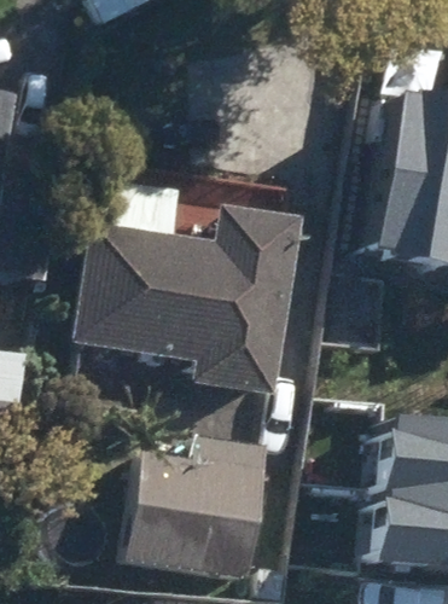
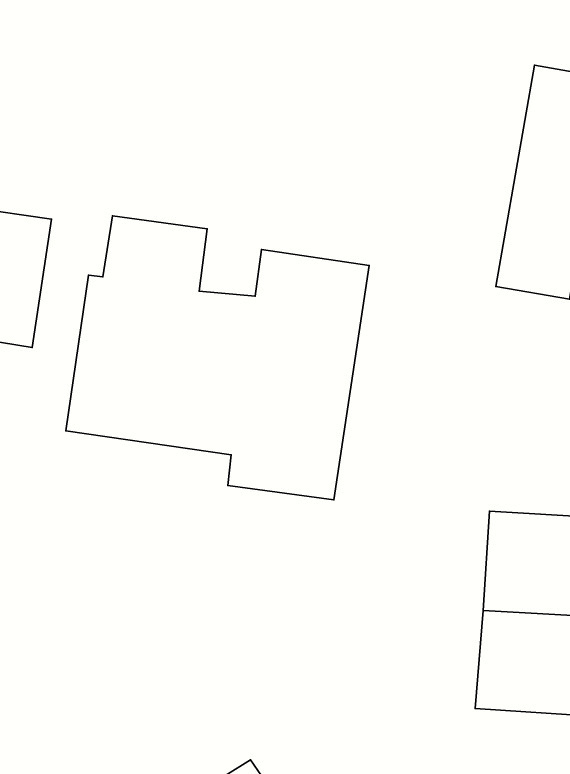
building: [136,426,277,565] -> none

